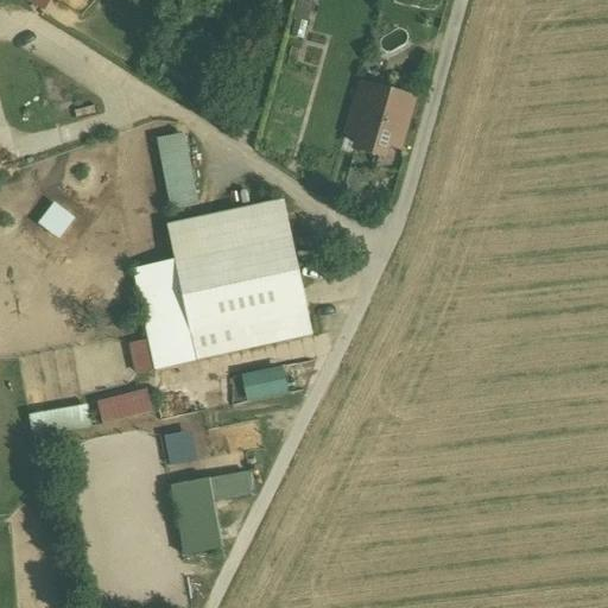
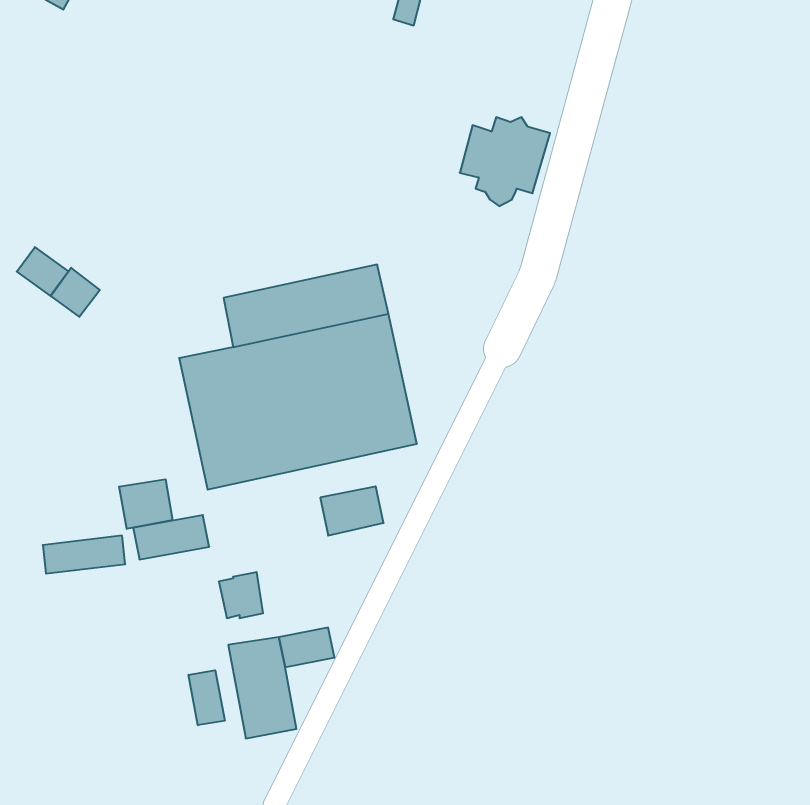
building: [157,132,198,210] -> none
building: none -> [17,247,69,296]
building: none -> [119,479,173,529]
building: none -> [189,670,225,725]

